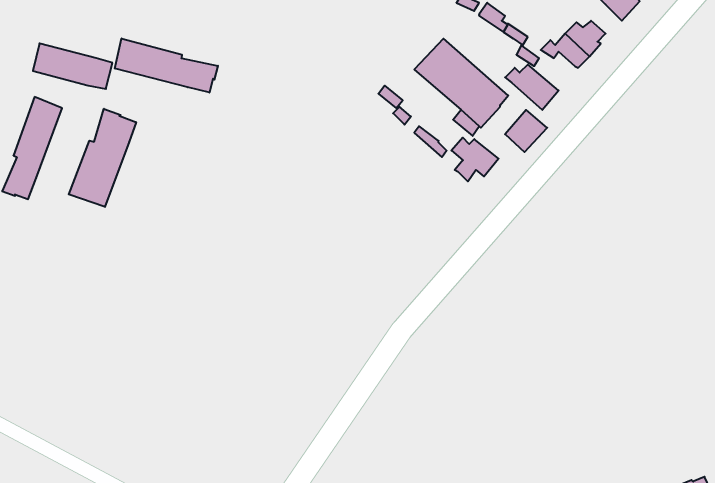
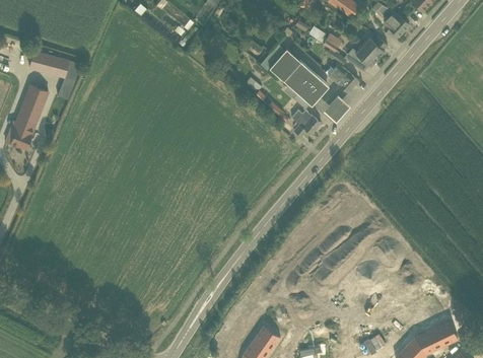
building: [115,38,218,93] -> none
building: [69,109,136,207] -> none

